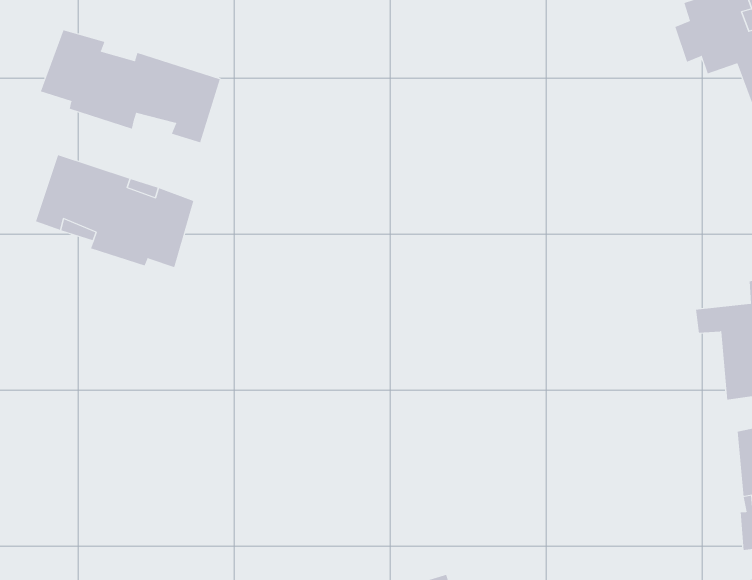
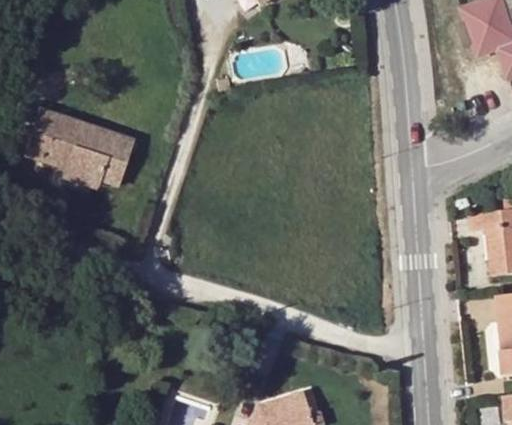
building: [40,30,221,143] -> none

